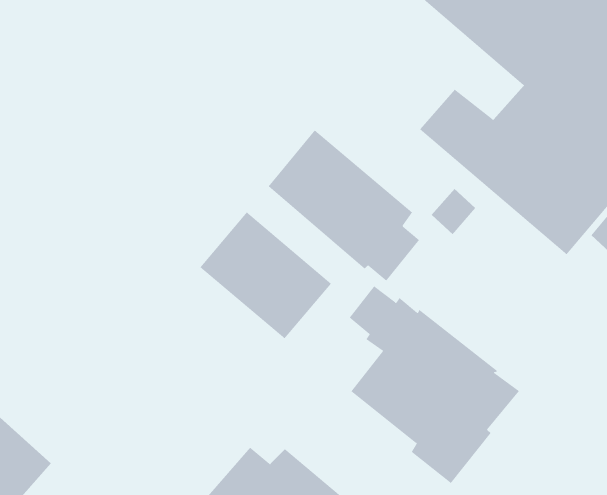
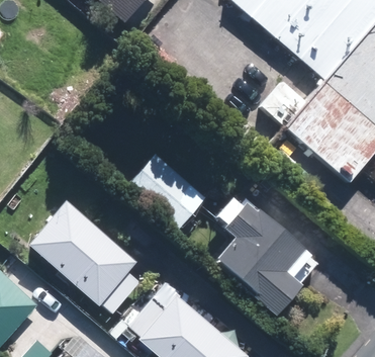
building: [268,130,420,282] -> none
building: none -> [25,199,139,311]

